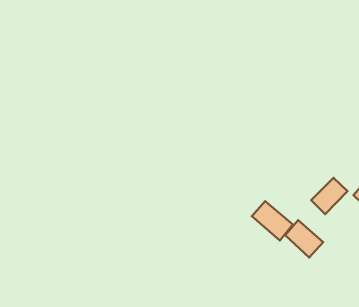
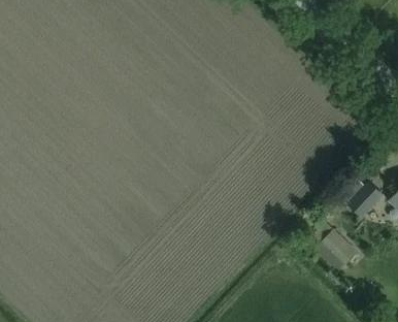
building: [252,201,293,241] -> none

